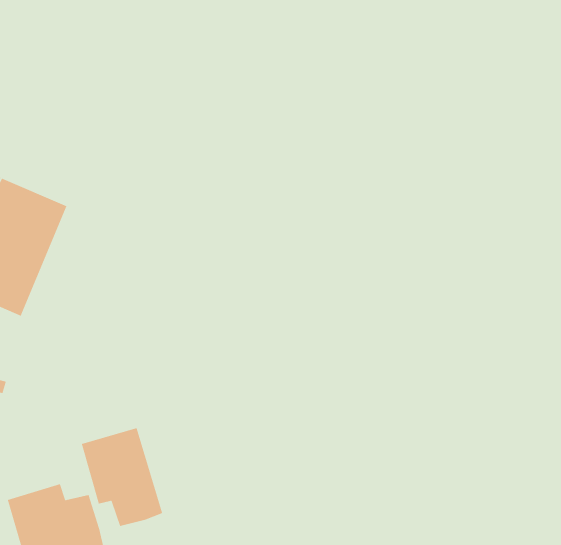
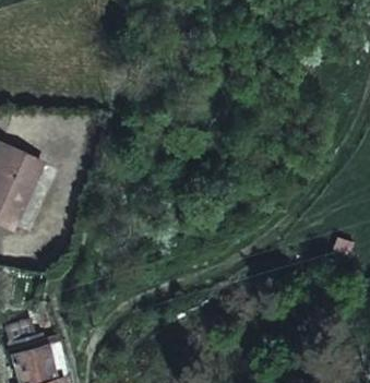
building: [81,427,163,527] -> none

